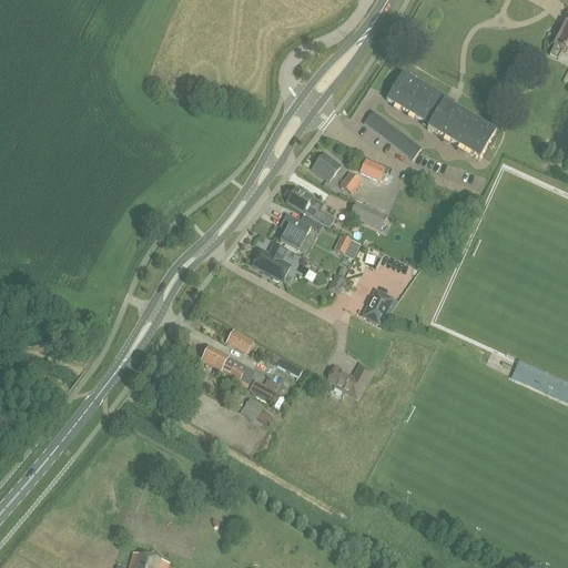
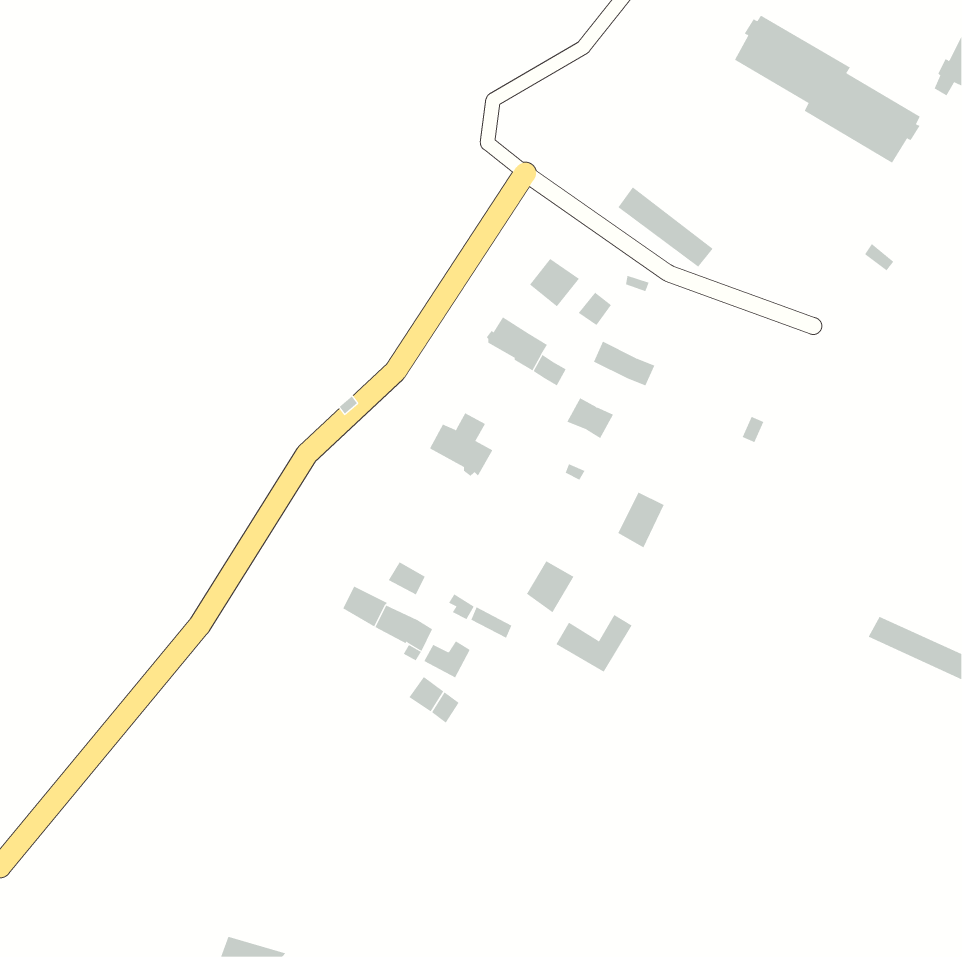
building: [386,71,496,159] -> [734,15,921,164]
building: [280,212,311,248] -> none
building: none -> [526,560,574,613]

